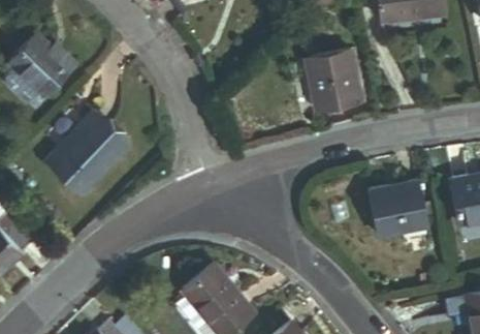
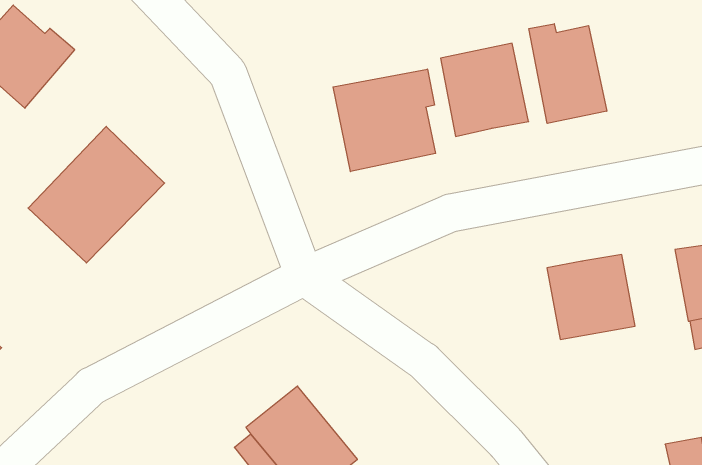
building: none -> [529,24,607,123]
building: none -> [333,69,436,172]

